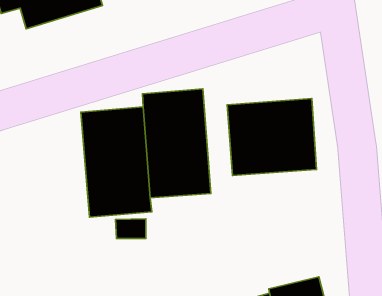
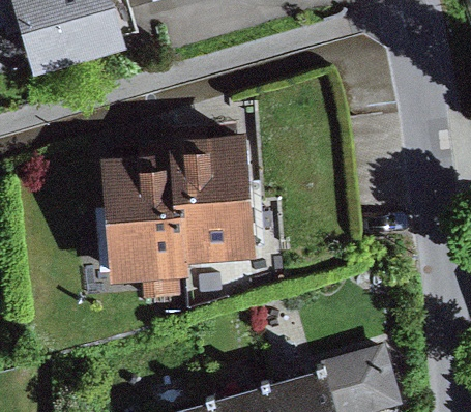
building: [227,98,317,176] -> none

